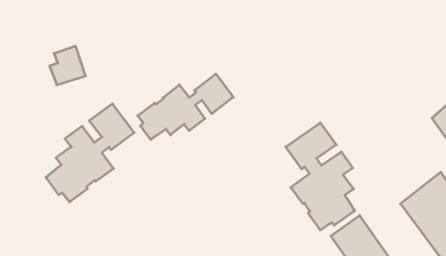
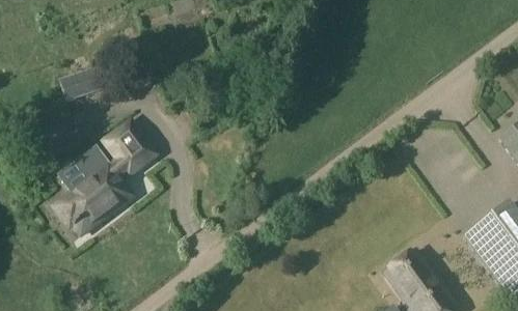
building: [138,74,233,140] -> none
building: [286,123,355,230] -> none

